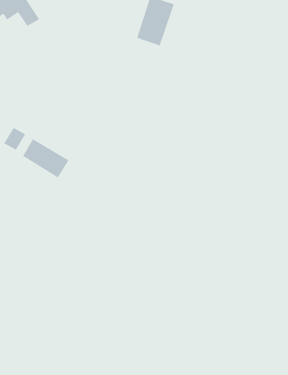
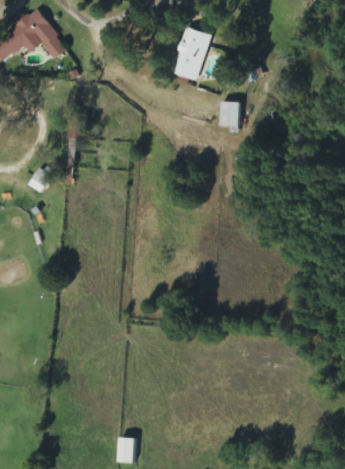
building: none -> [222,102,241,132]
building: [22,138,69,178] -> none

